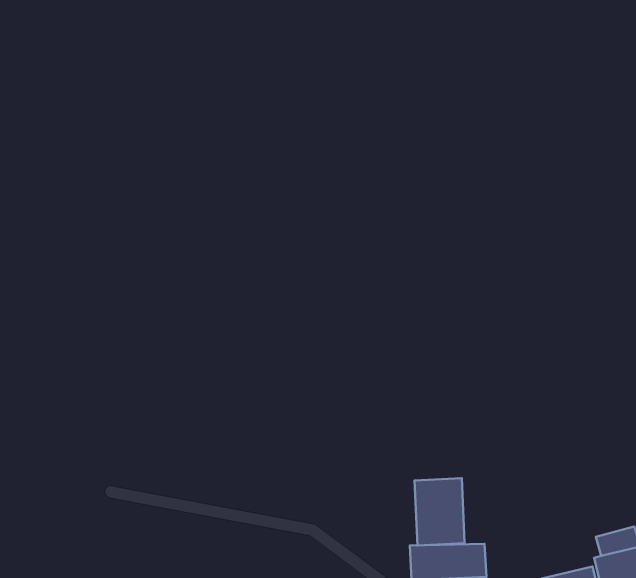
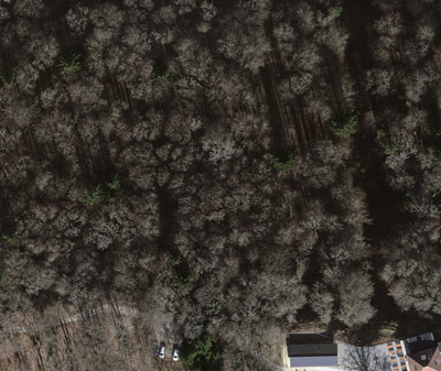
building: [415,478,465,545] -> none

